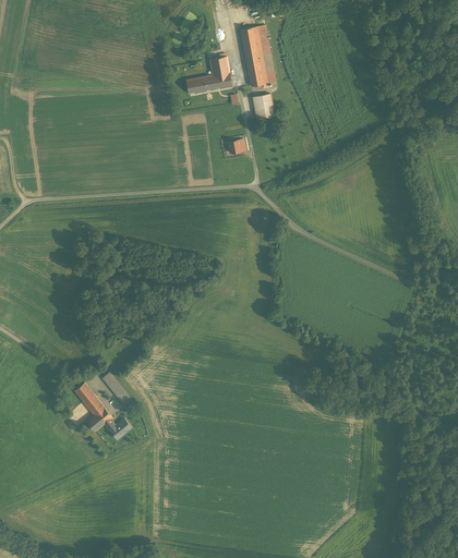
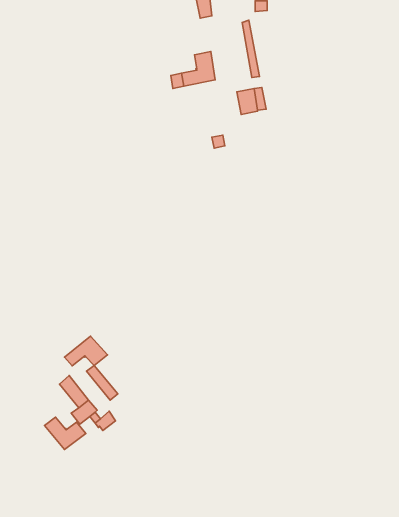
building: [240,25,268,84] -> none
building: none -> [65,336,107,366]
building: none -> [45,417,86,450]

